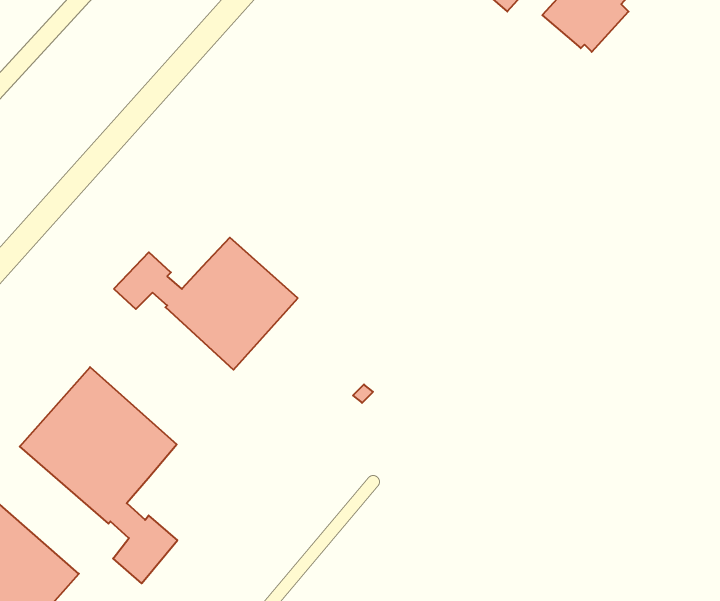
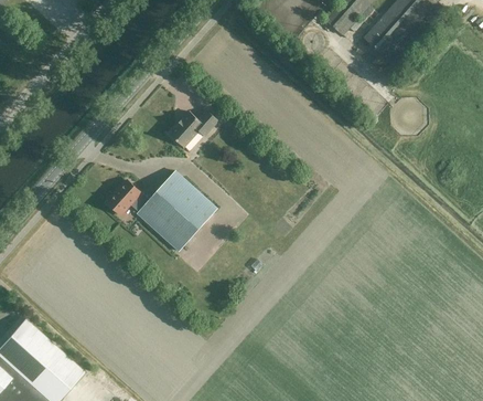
building: none -> [170,109,218,146]
building: [20,367,177,583] -> none

